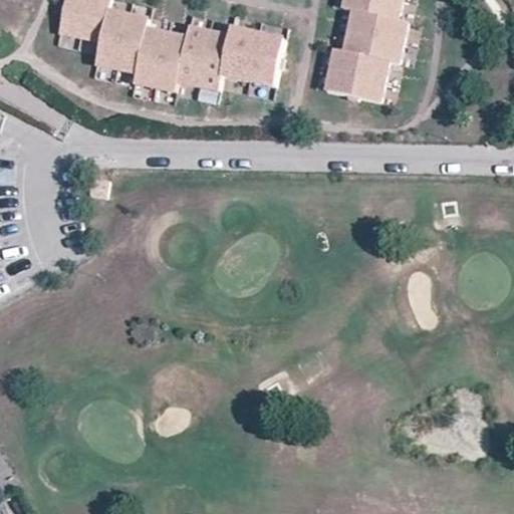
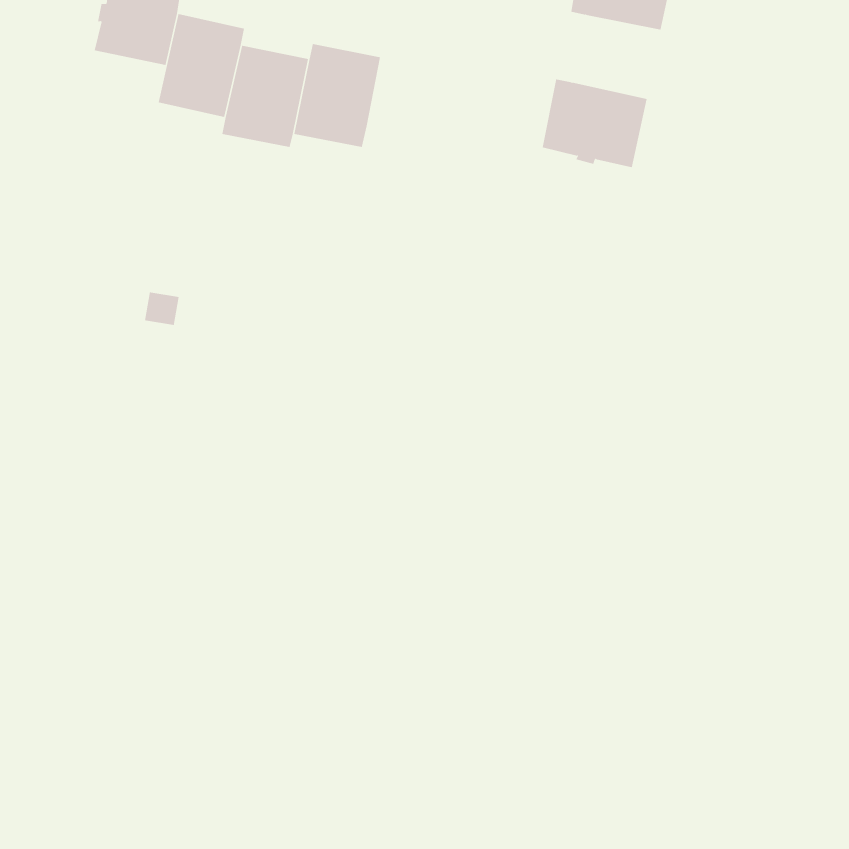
building: [342,9,409,62] -> none
building: [220,28,283,85] -> none

